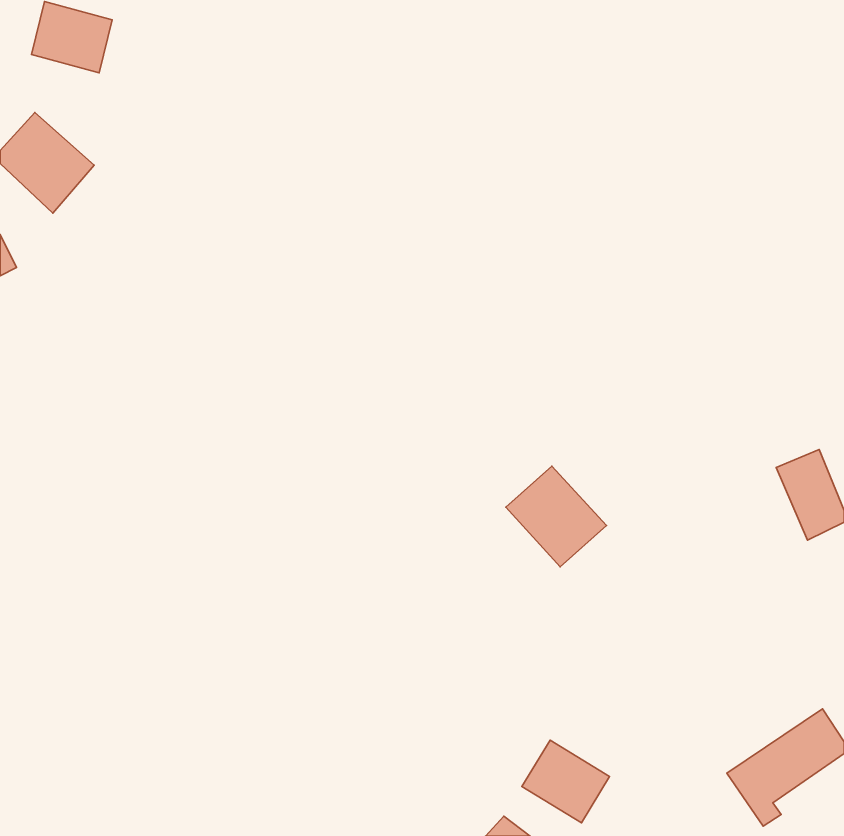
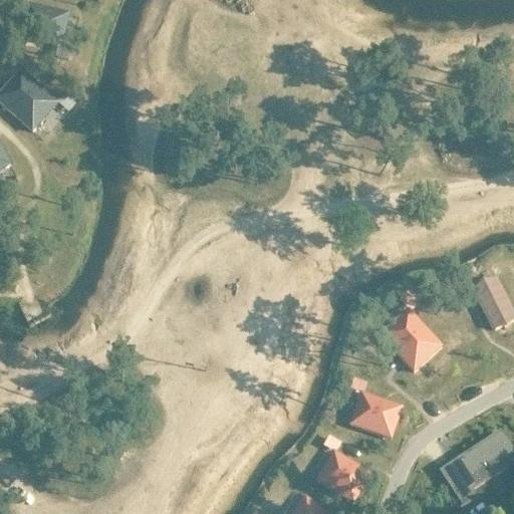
building: [506,466,606,567] -> [380,308,442,369]
building: none -> [350,392,402,436]

